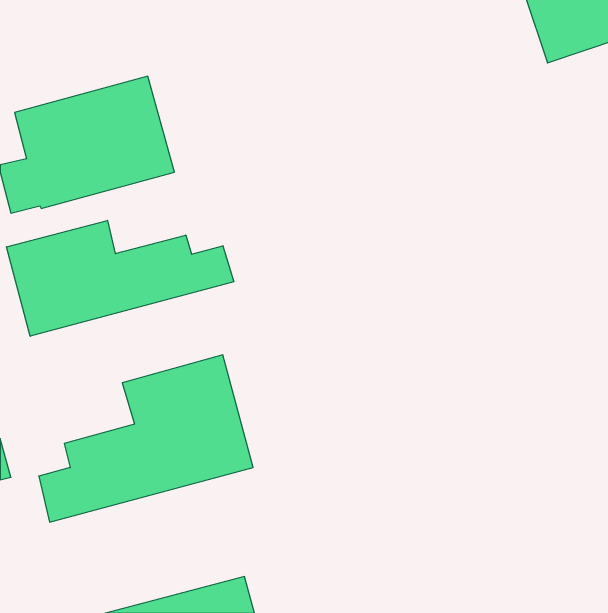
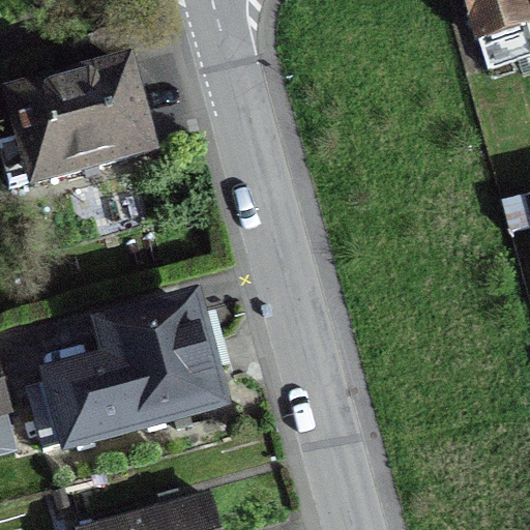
building: [6,220,234,336] -> none

